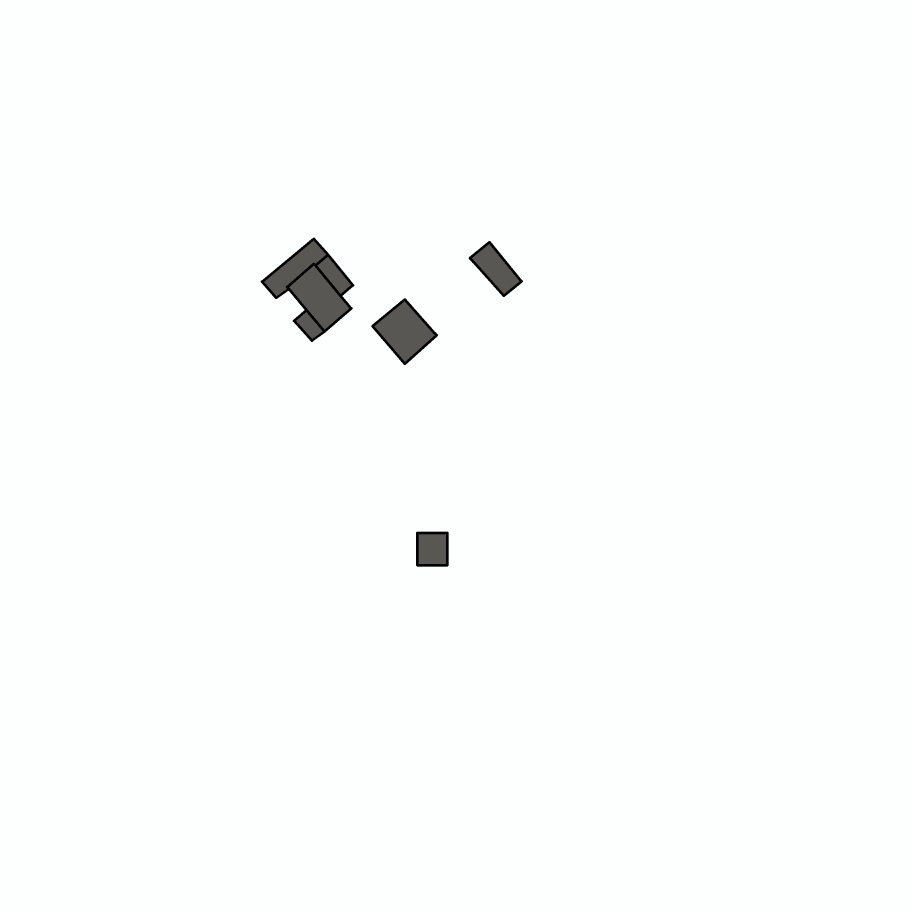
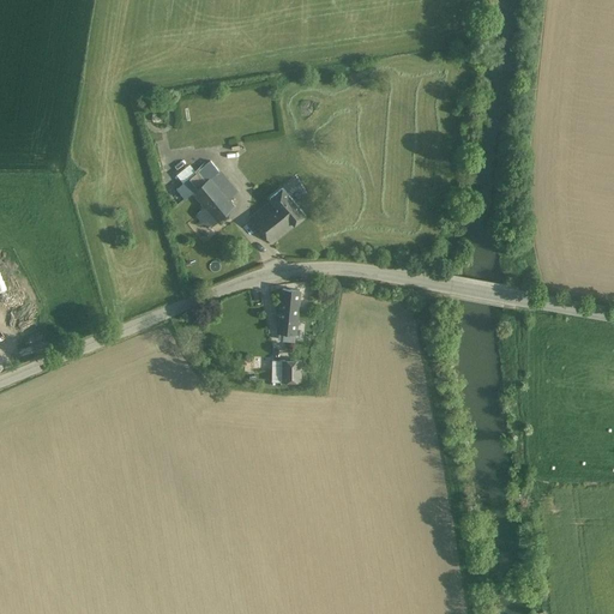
building: [470,242,522,296] -> [270,188,305,224]
building: none -> [278,288,299,339]

